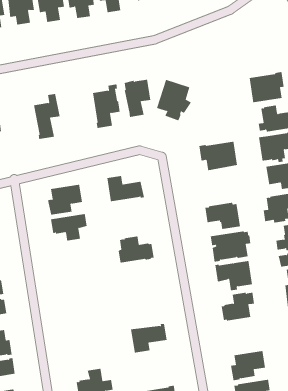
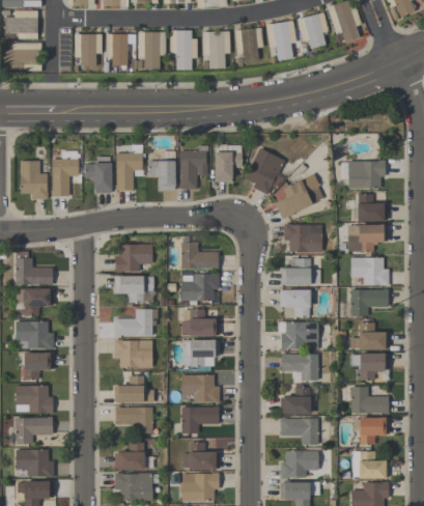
building: none -> [148,151,176,190]
building: none -> [275,173,323,219]
building: none -> [85,157,112,193]
building: none -> [281,258,320,285]
building: none -> [181,273,219,301]
building: none -> [115,309,152,336]
building: none -> [182,339,220,366]
building: none -> [114,340,152,367]
building: none -> [181,375,220,402]
building: none -> [114,375,154,402]
building: none -> [280,417,318,445]
building: none -> [115,406,152,433]
building: none -> [181,443,220,470]

